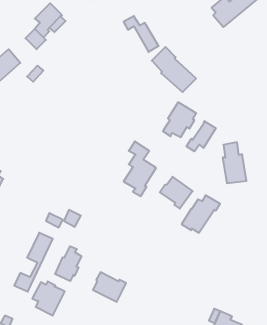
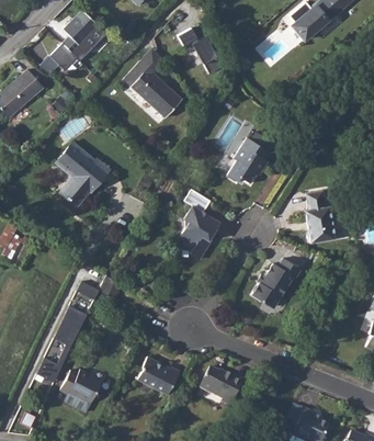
building: [152,47,196,92] -> [125,59,182,117]
building: none -> [55,142,109,206]
building: [186,121,216,151] -> none
building: [160,177,193,209] -> none
building: [55,246,81,281] -> none
building: none -> [199,366,243,406]

